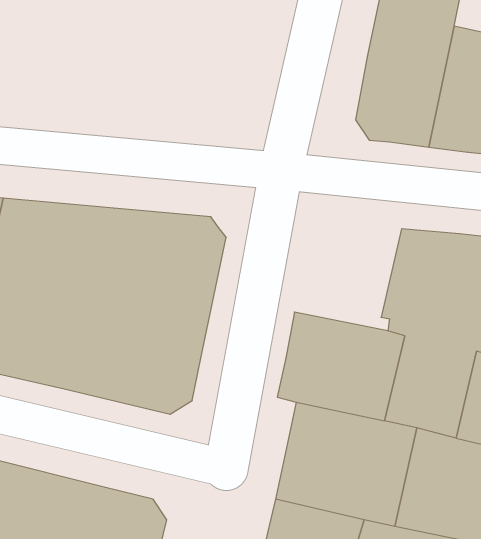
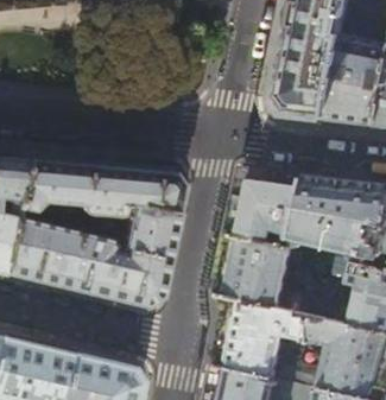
building: none -> [223,170,298,248]

